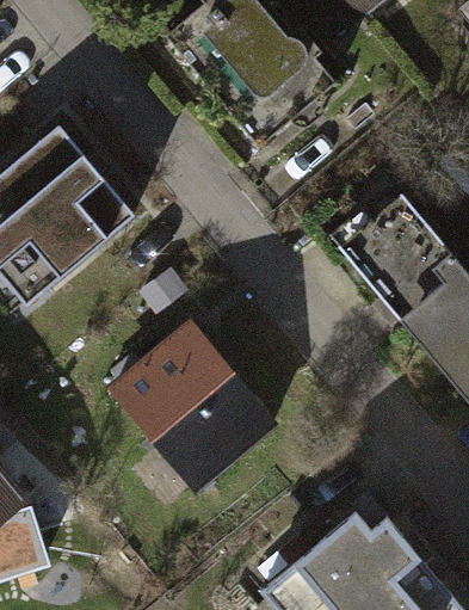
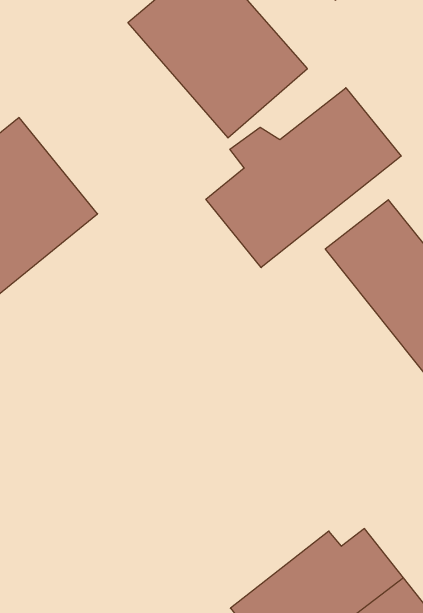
building: none -> [206,88,401,268]
building: [109,325,271,487] -> none

